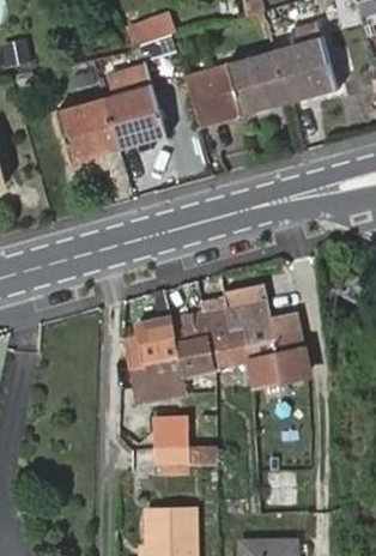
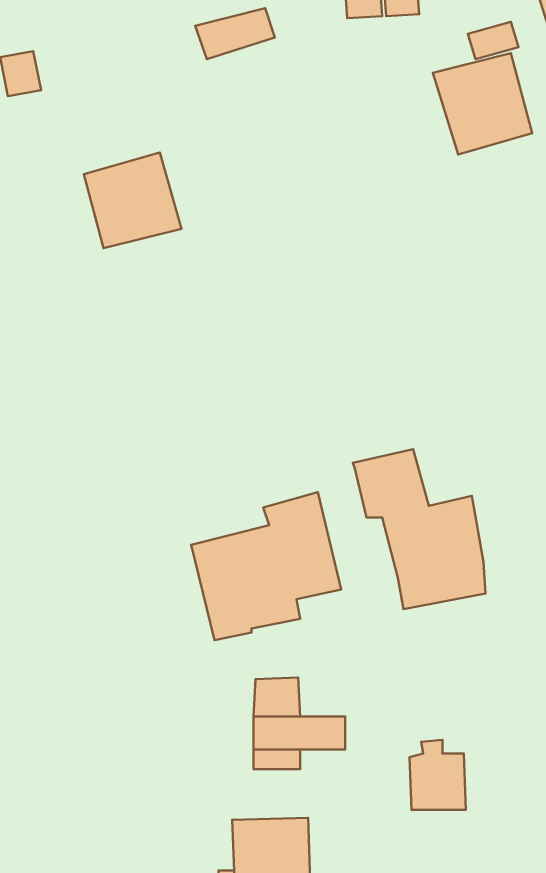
building: [186,50,289,125] -> none
building: [105,65,164,146] -> none
building: [200,294,251,368] -> none

